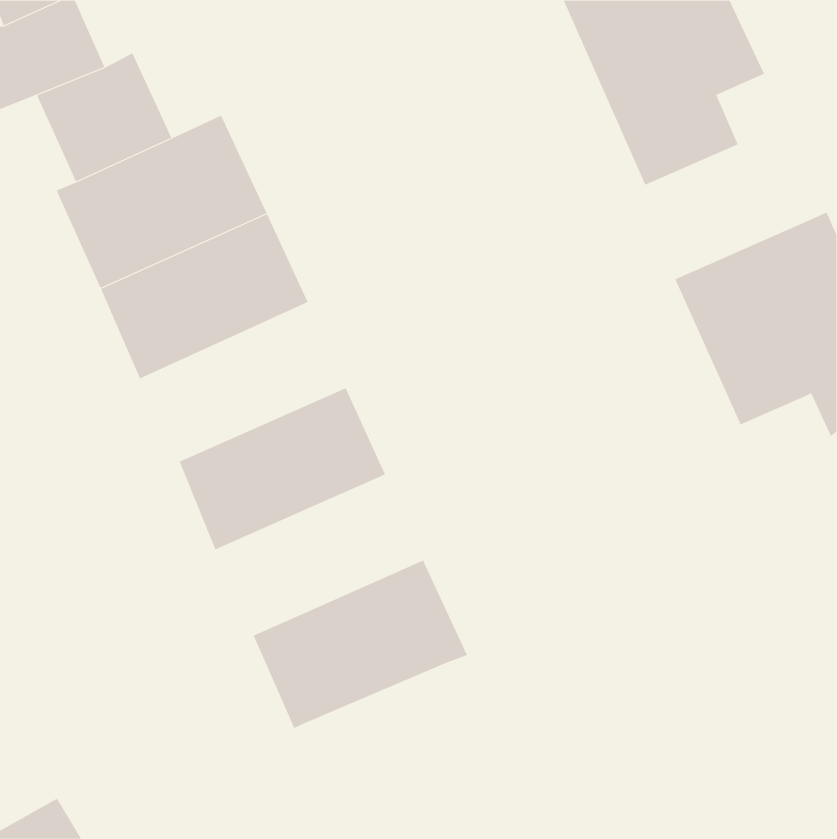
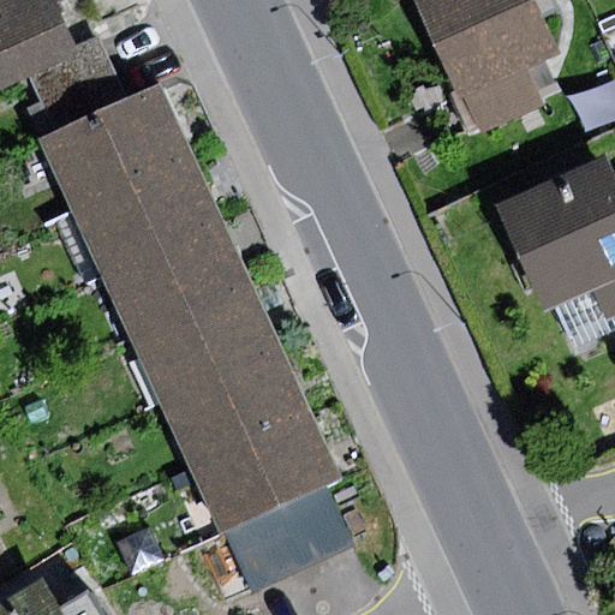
building: none -> [102,221,253,338]
building: none -> [157,347,310,465]
building: none -> [222,485,352,590]

